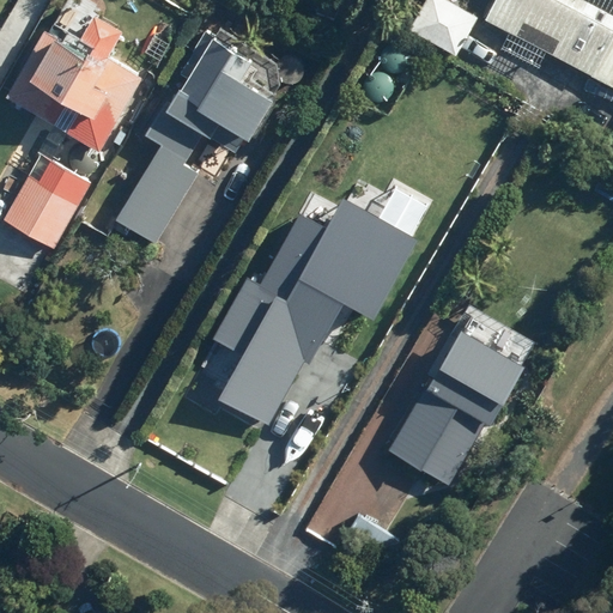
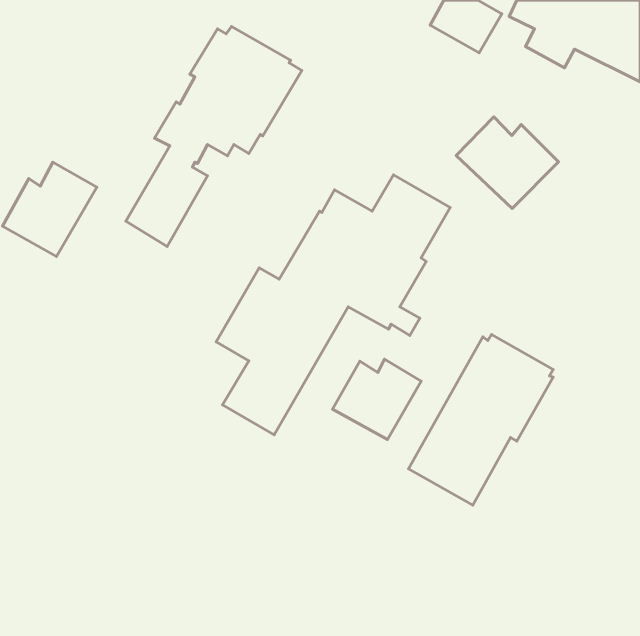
building: [5,17,142,153] -> none
building: none -> [456,117,558,209]
building: none -> [333,359,421,439]

